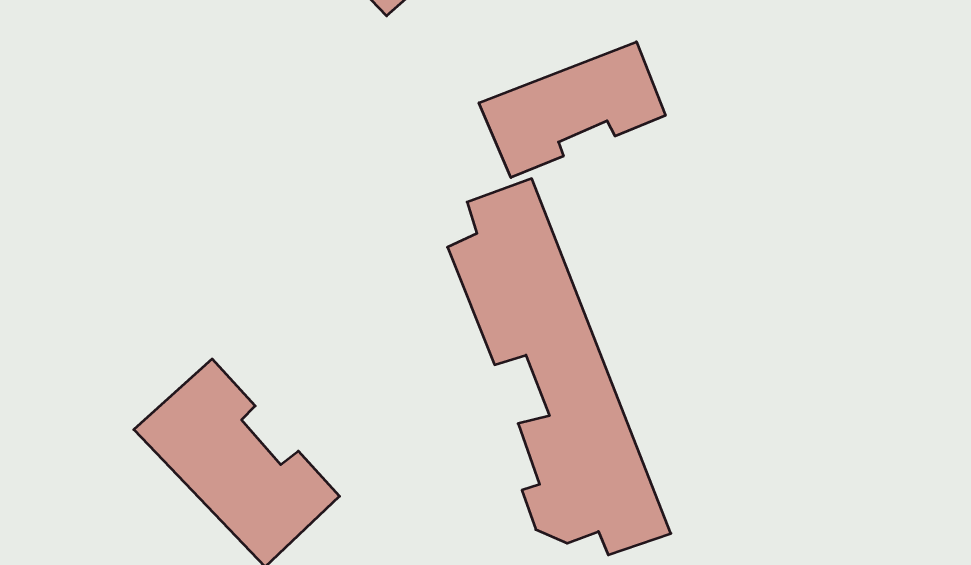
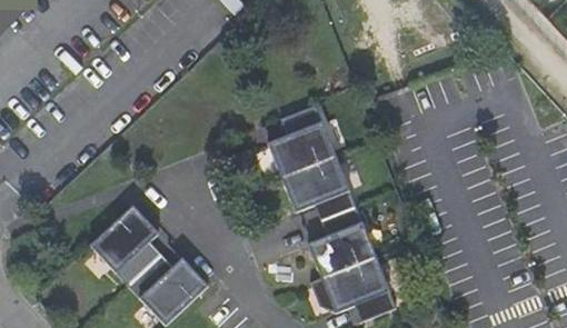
building: [479,42,665,178] -> none

